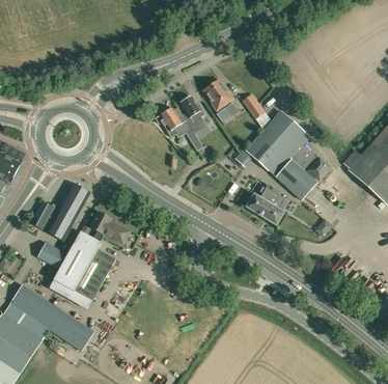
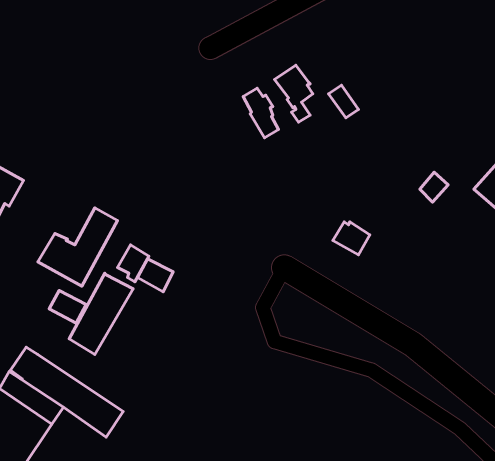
building: [156,106,207,158] -> none
building: [235,110,317,199] -> none
building: [258,182,289,224] -> none
building: [74,247,115,300] -> none

